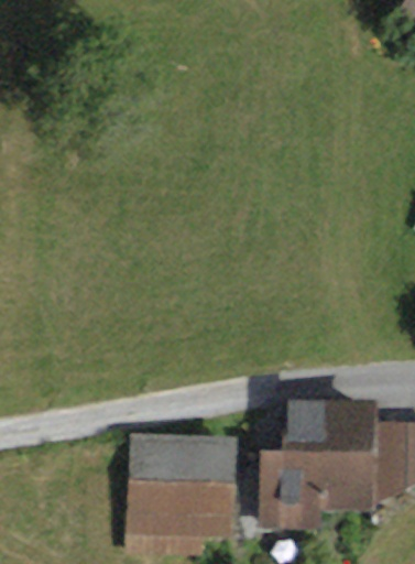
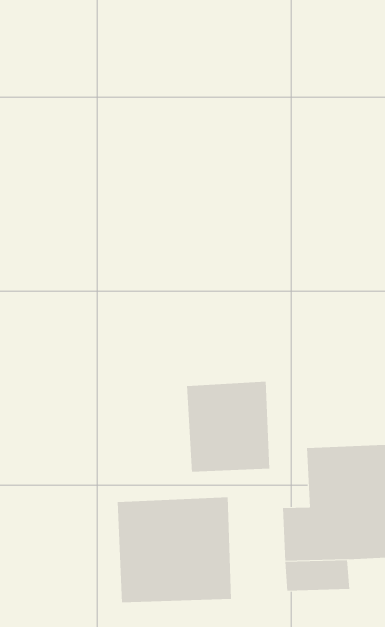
building: none -> [187,381,270,473]

